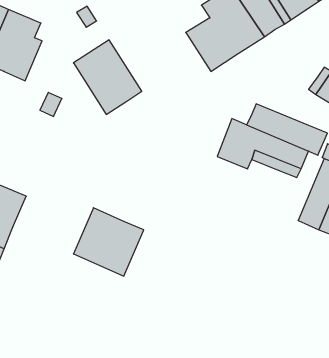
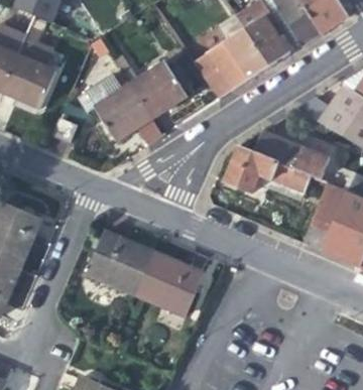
building: none -> [117,56,188,118]
building: none -> [135,251,205,316]

